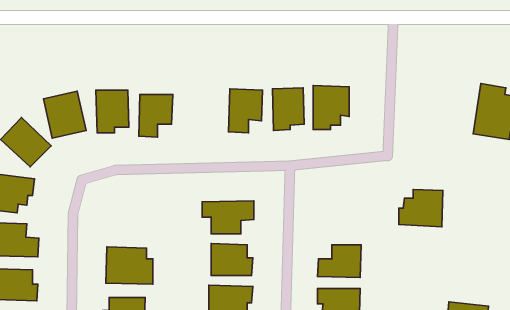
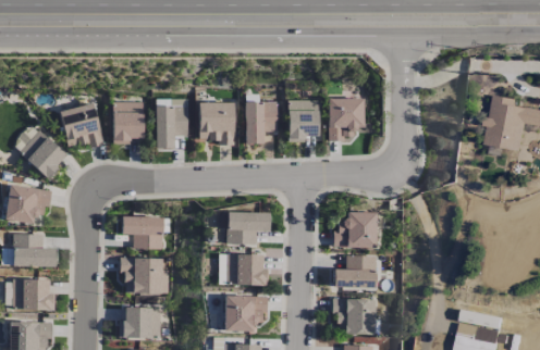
building: none -> [198,102,235,146]
building: [399,189,443,227] -> [333,212,377,249]
building: none -> [121,216,163,249]

